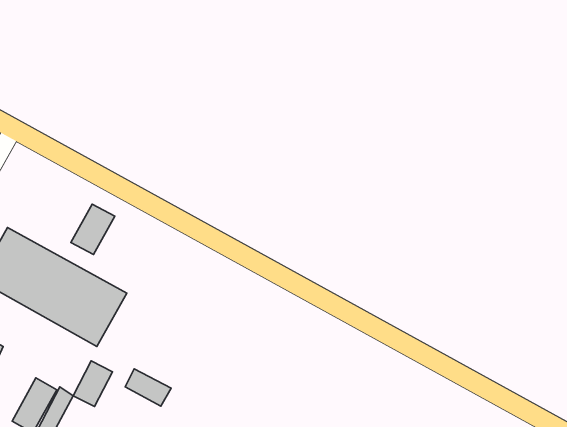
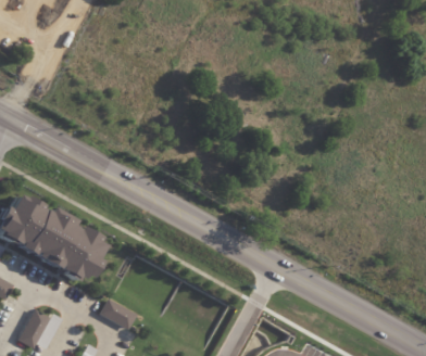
building: [71,204,115,255] -> none
building: [73,361,113,407] -> none

